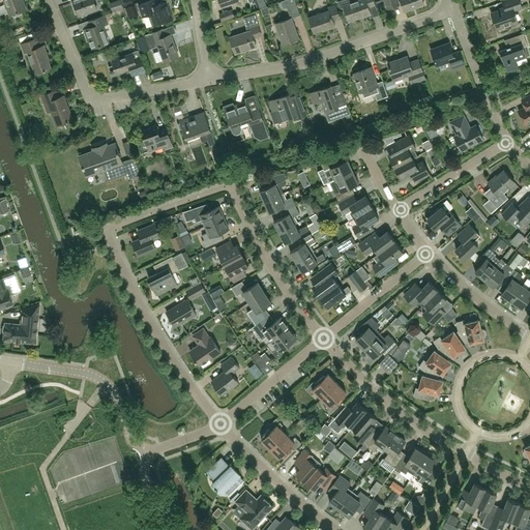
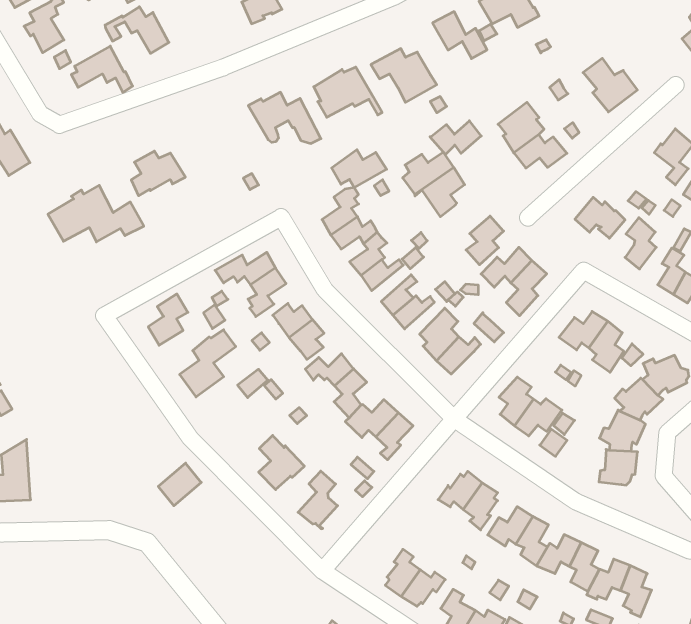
building: [178,113,210,142] -> none
building: none -> [332,150,387,188]
building: [336,197,371,217] -> [430,121,481,154]
building: [166,300,195,327] -> [158,463,201,506]

